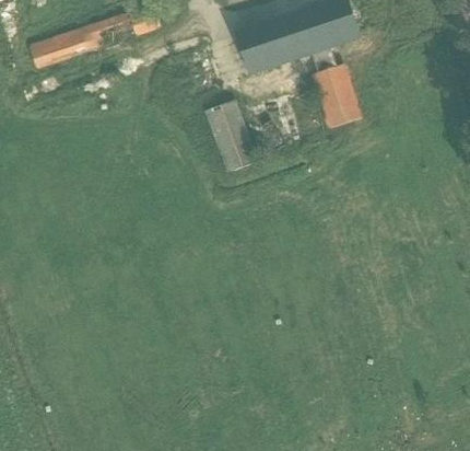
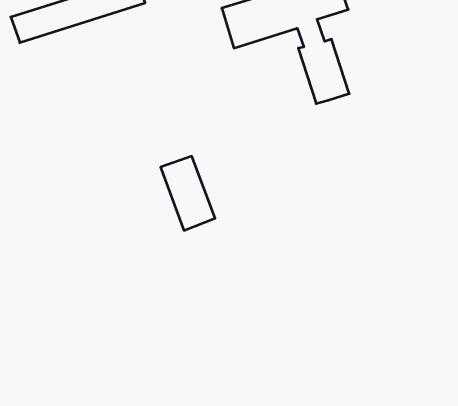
building: [204,99,258,172] -> [161,156,215,230]

